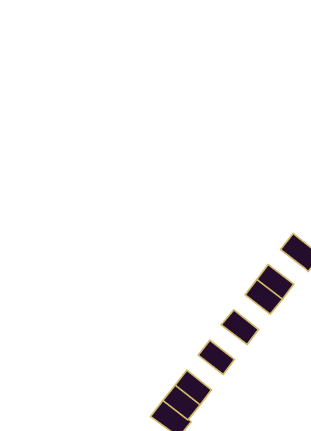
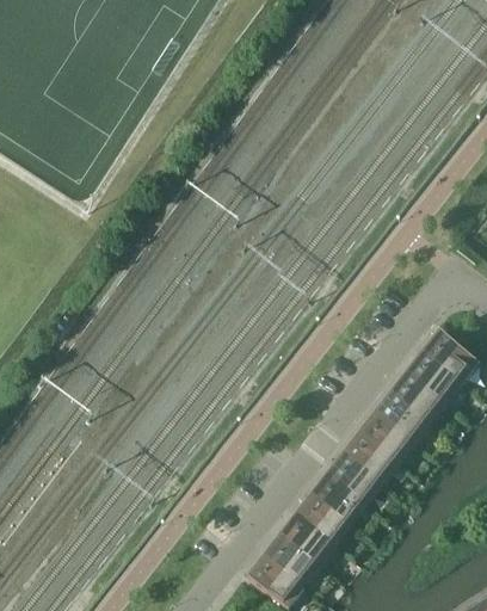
building: none -> [406,351,456,397]
building: none -> [359,412,408,458]
building: none -> [327,452,377,499]
building: none -> [296,493,345,539]

